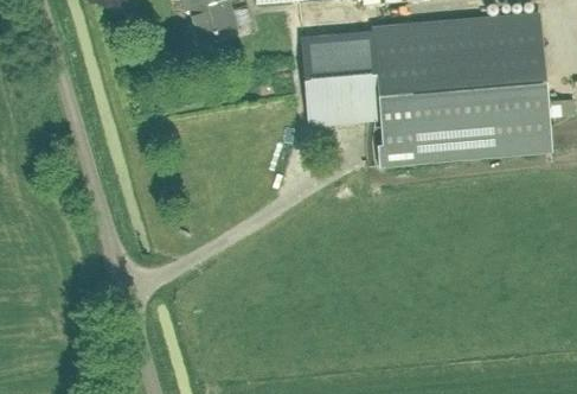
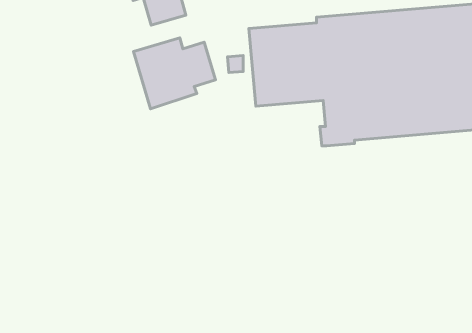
building: none -> [134,38,215,109]

